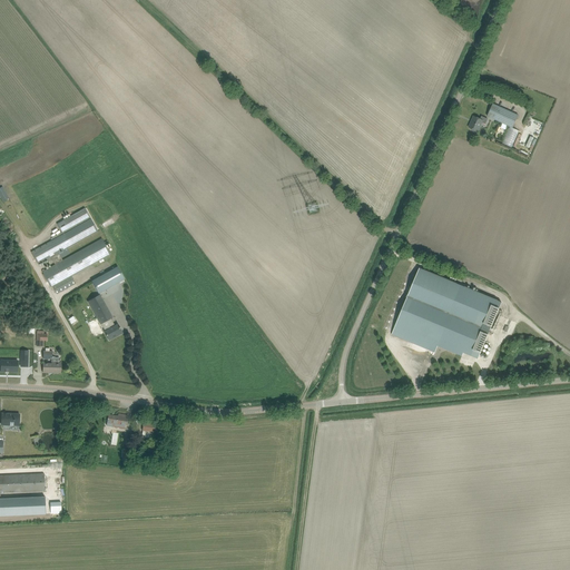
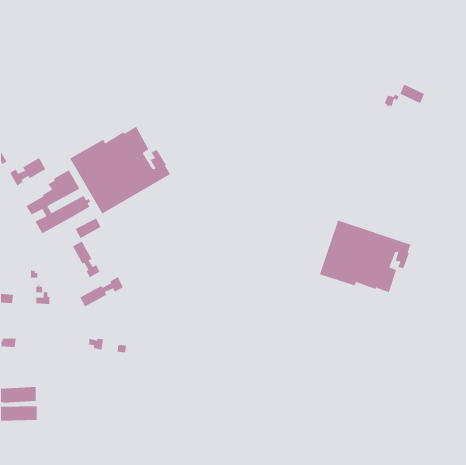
building: none -> [69,126,171,214]
building: none -> [10,157,46,186]
building: none -> [79,276,123,307]

